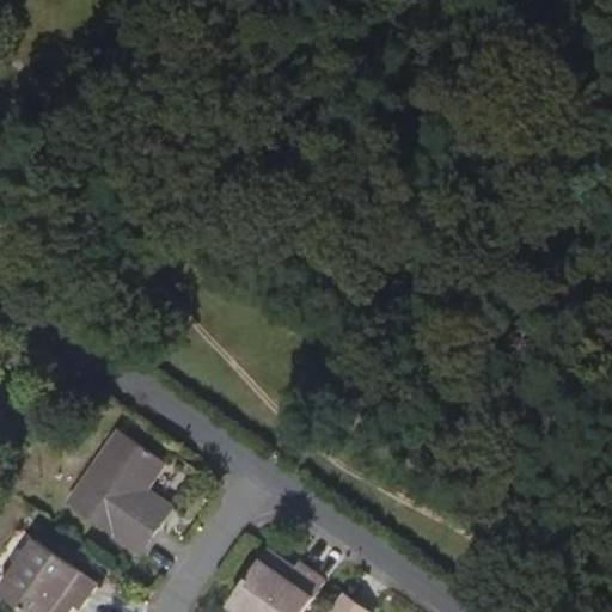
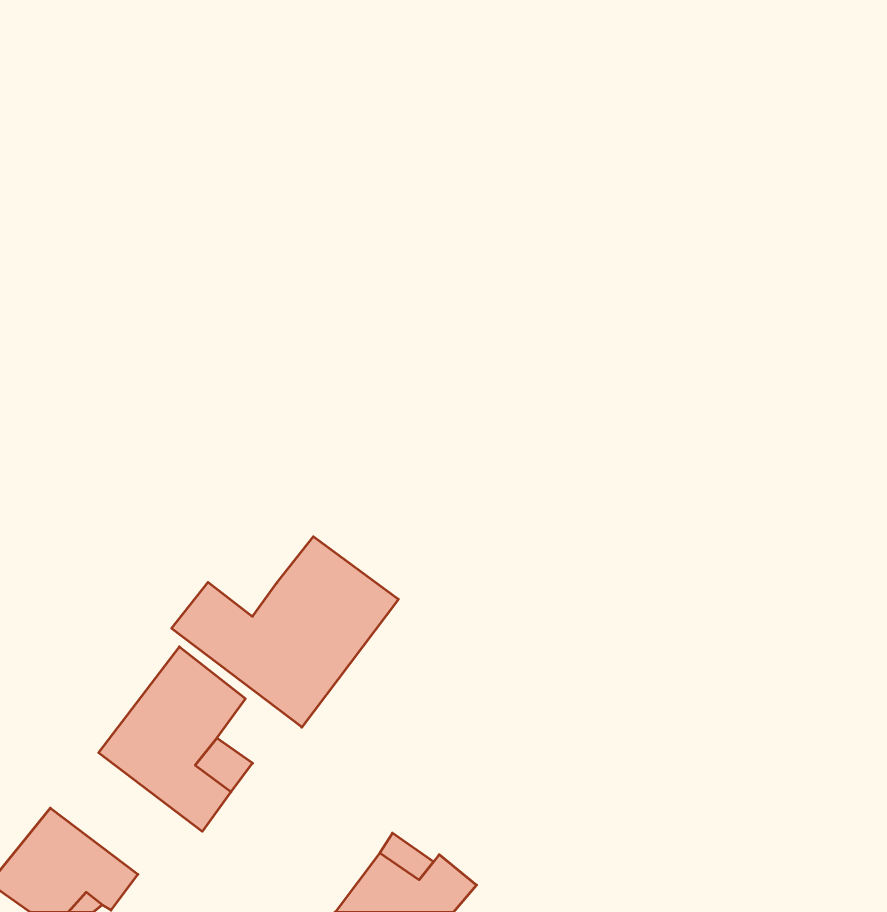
building: none -> [172,537,398,727]

